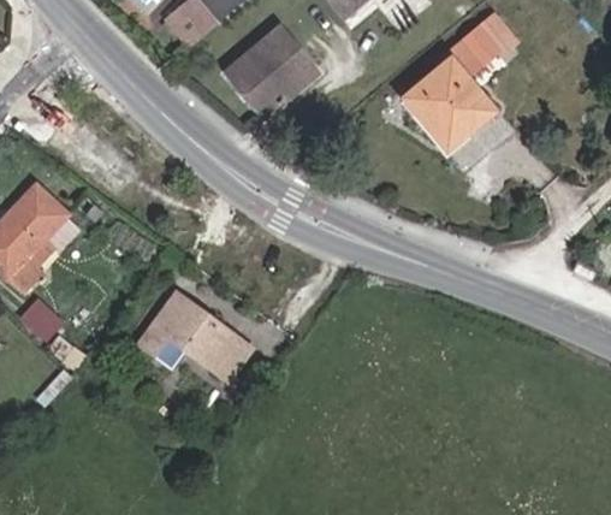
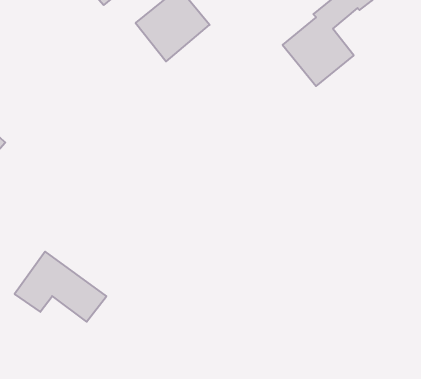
building: [138,292,250,378] -> [15,252,106,322]

